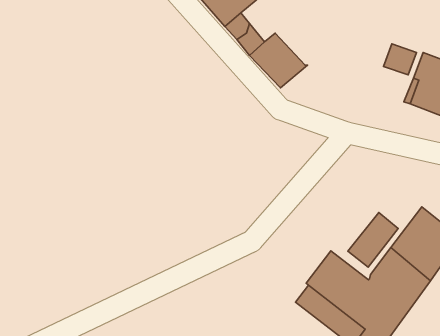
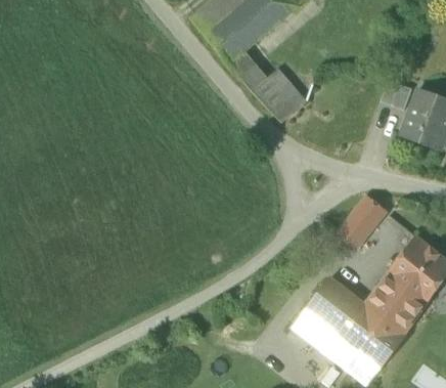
building: [348,212,398,267] -> [337,196,385,248]

